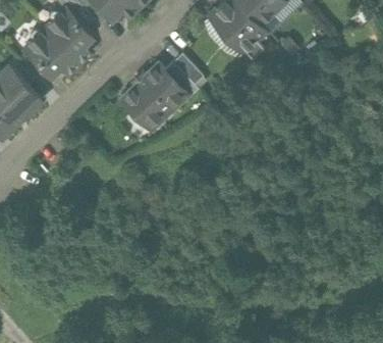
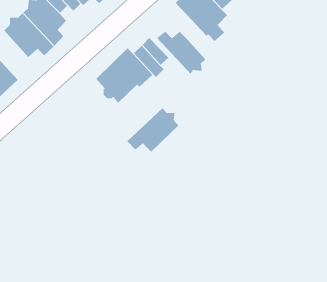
building: none -> [156,31,206,74]
building: none -> [126,108,179,153]

